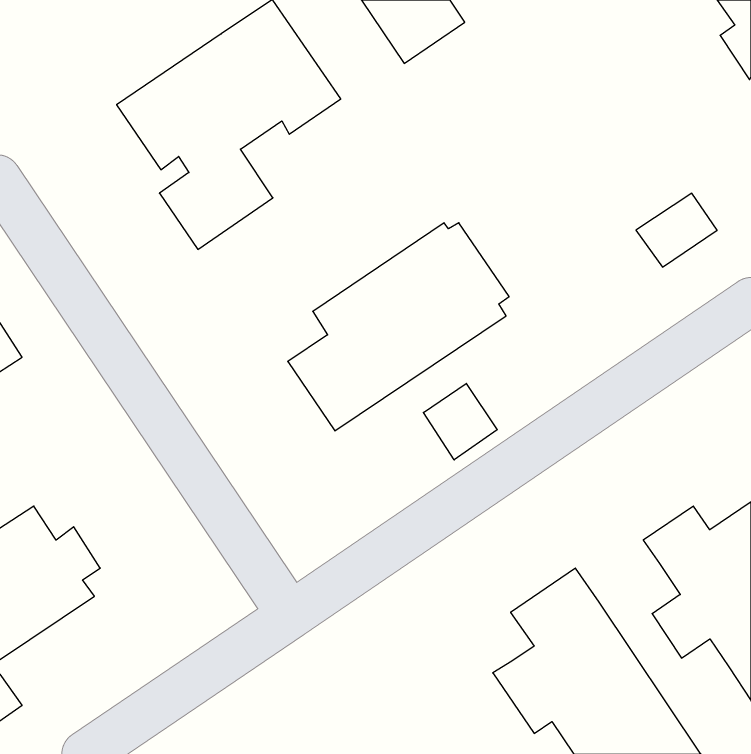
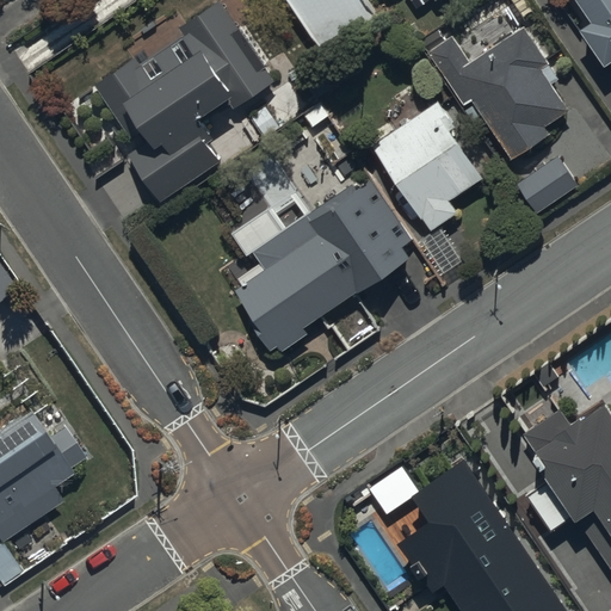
building: none -> [428,26,568,162]
building: none -> [374,105,482,232]
building: [423,383,497,460] -> none

